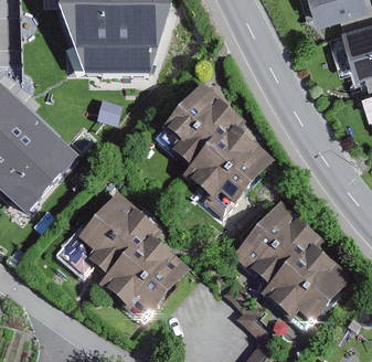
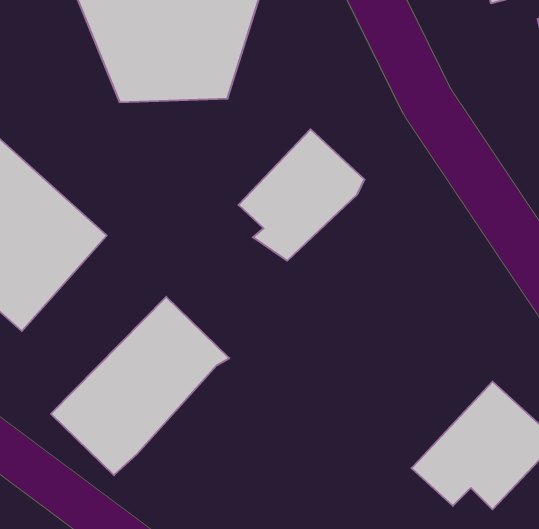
building: [179,128,270,206] -> none
building: [232,209,316,292] -> none
building: [96,233,187,317] -> none

